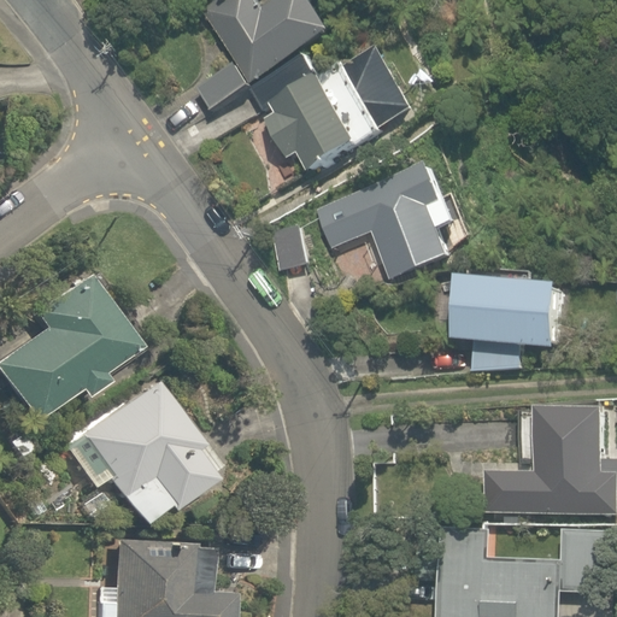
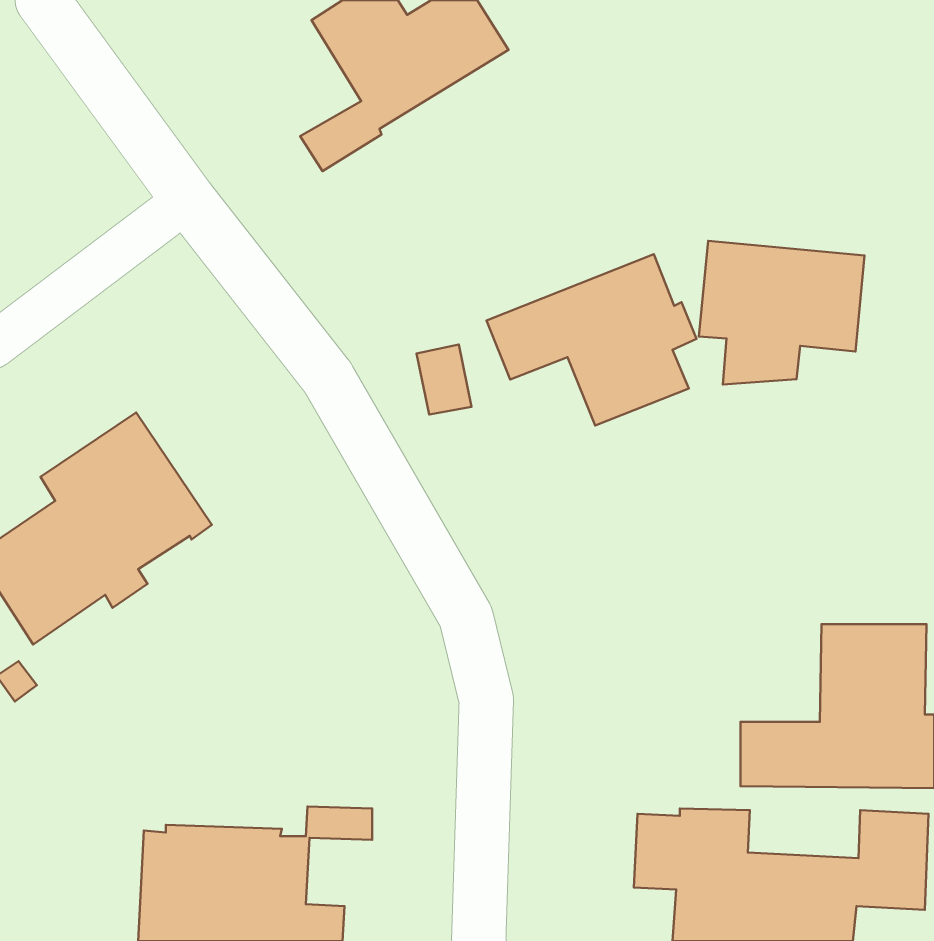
building: [248,47,412,174] -> none
building: [456,277,564,371] -> [699,241,865,385]
building: [55,381,212,523] -> none

